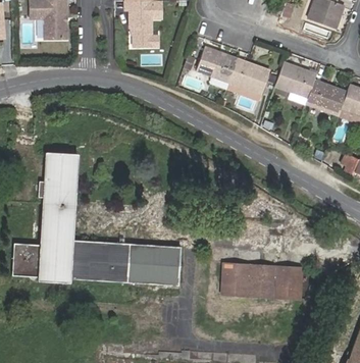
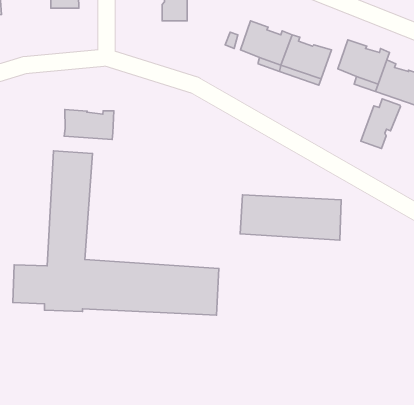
building: none -> [361,99,401,149]
building: none -> [64,110,114,140]
building: [220,264,302,301] -> [240,195,341,240]

